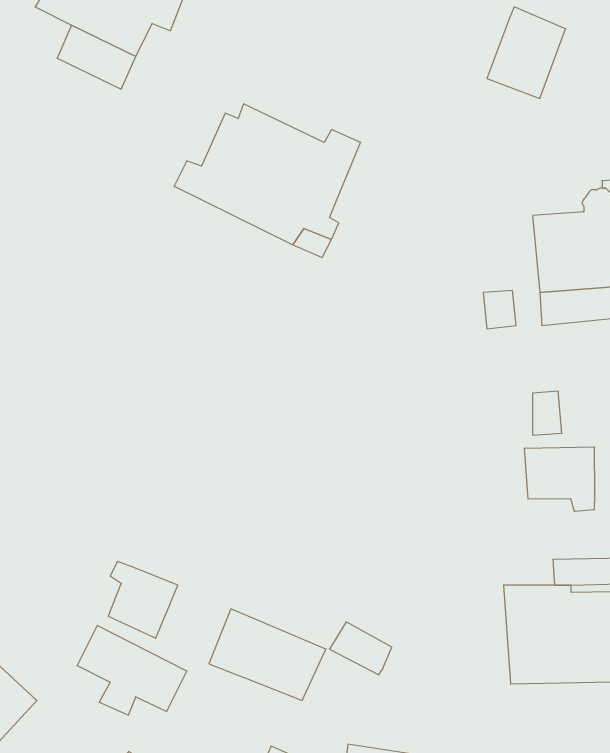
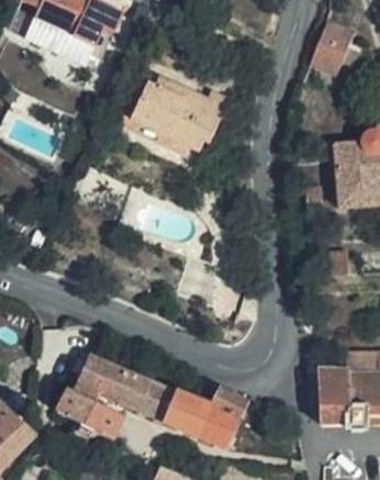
building: [525,447,594,512] -> none
building: none -> [105,365,150,412]
building: none -> [193,403,239,448]

